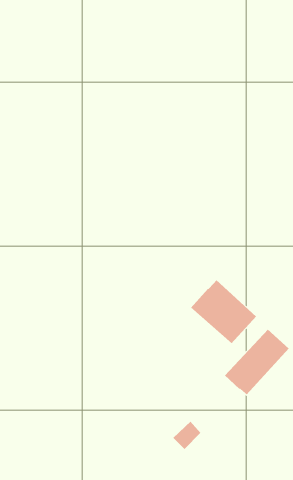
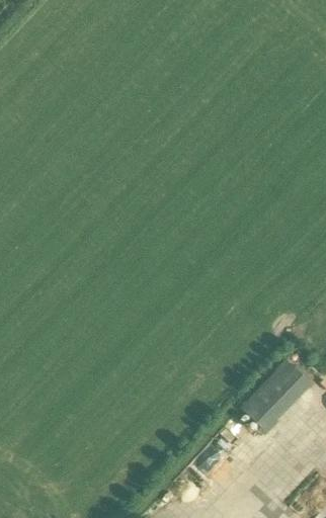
building: [190,280,257,344] -> none

